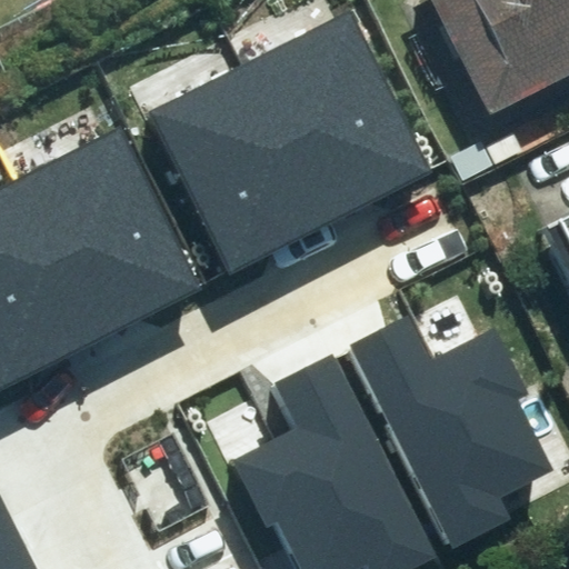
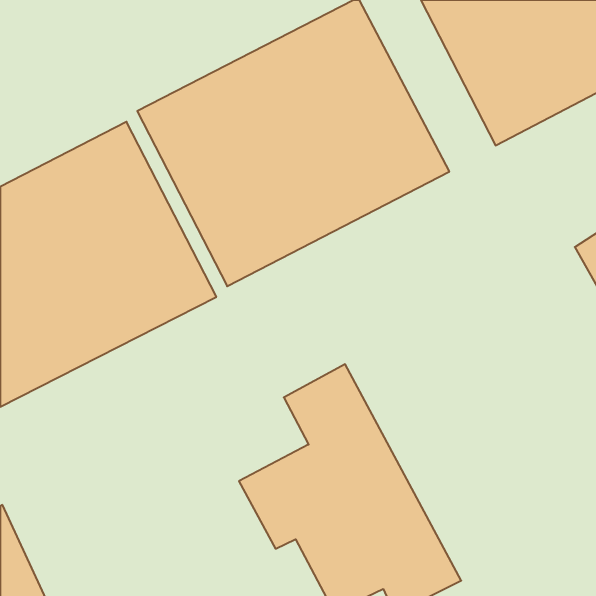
building: [342,316,542,550] -> none

